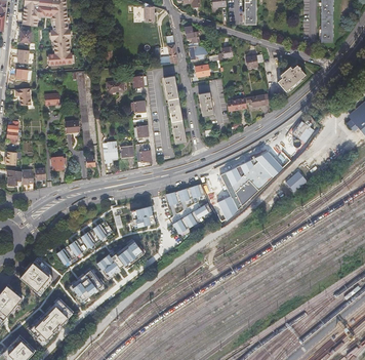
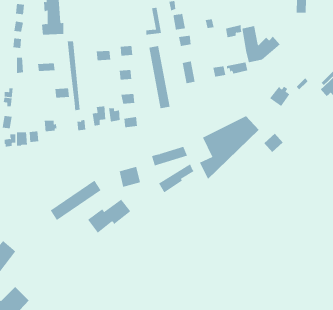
building: [21,256,53,294] -> none
building: [71,268,104,301] -> none
building: [30,298,74,343] -> none

